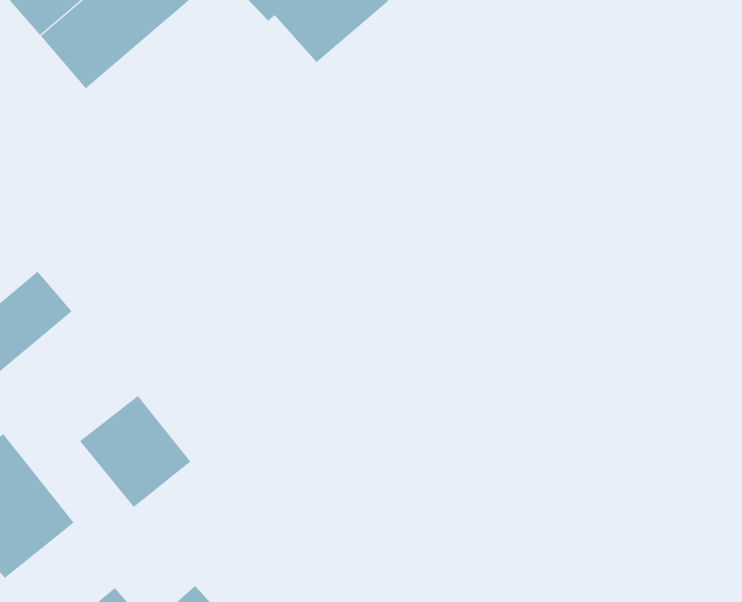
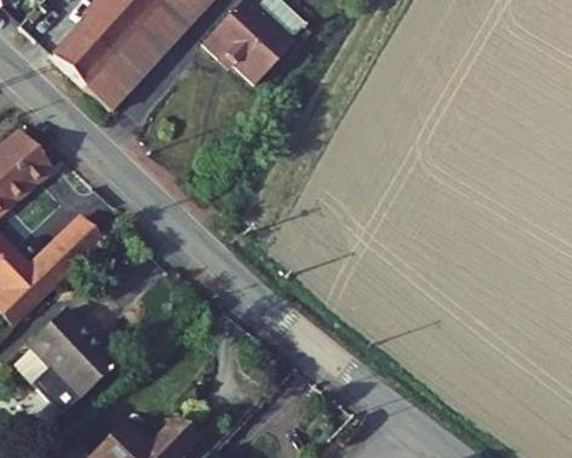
building: [79,395,191,508] -> none

